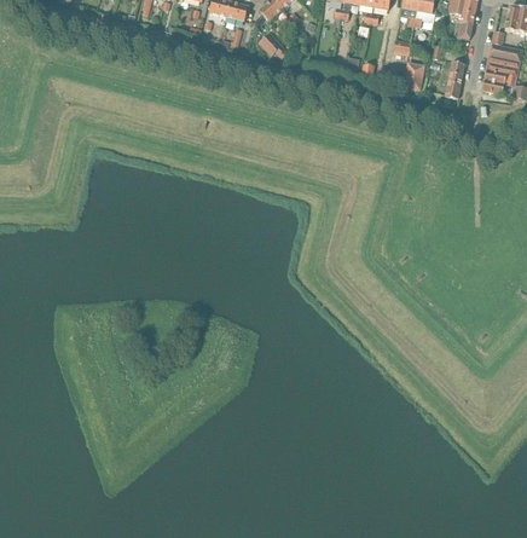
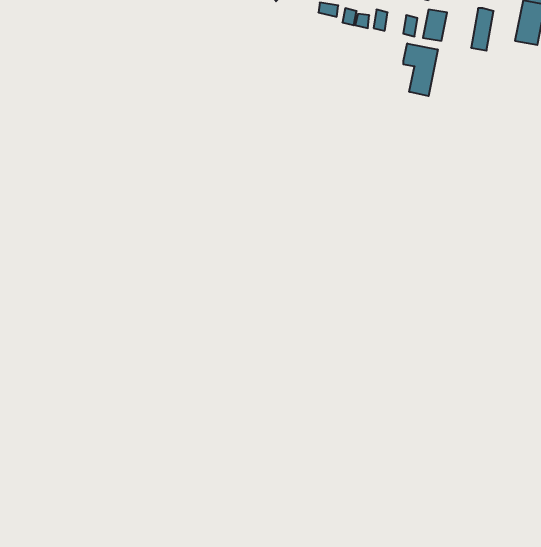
building: none -> [403,43,438,96]

